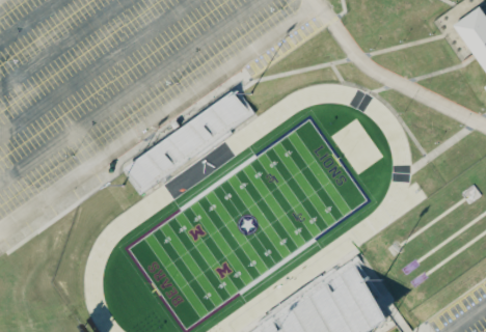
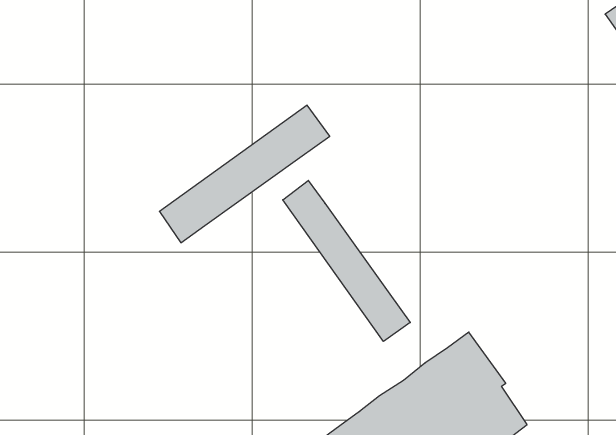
building: none -> [283,180,410,341]

